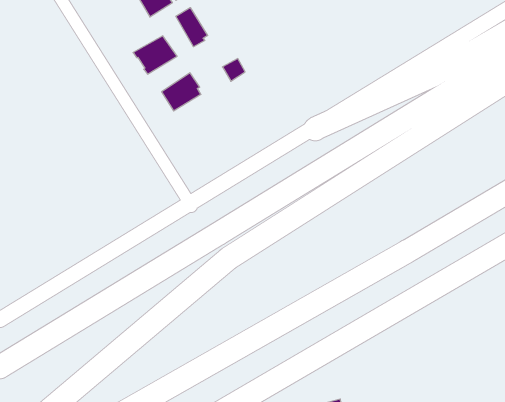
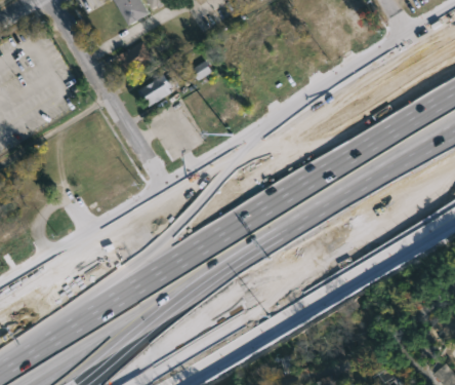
building: [176,8,208,47] -> none

